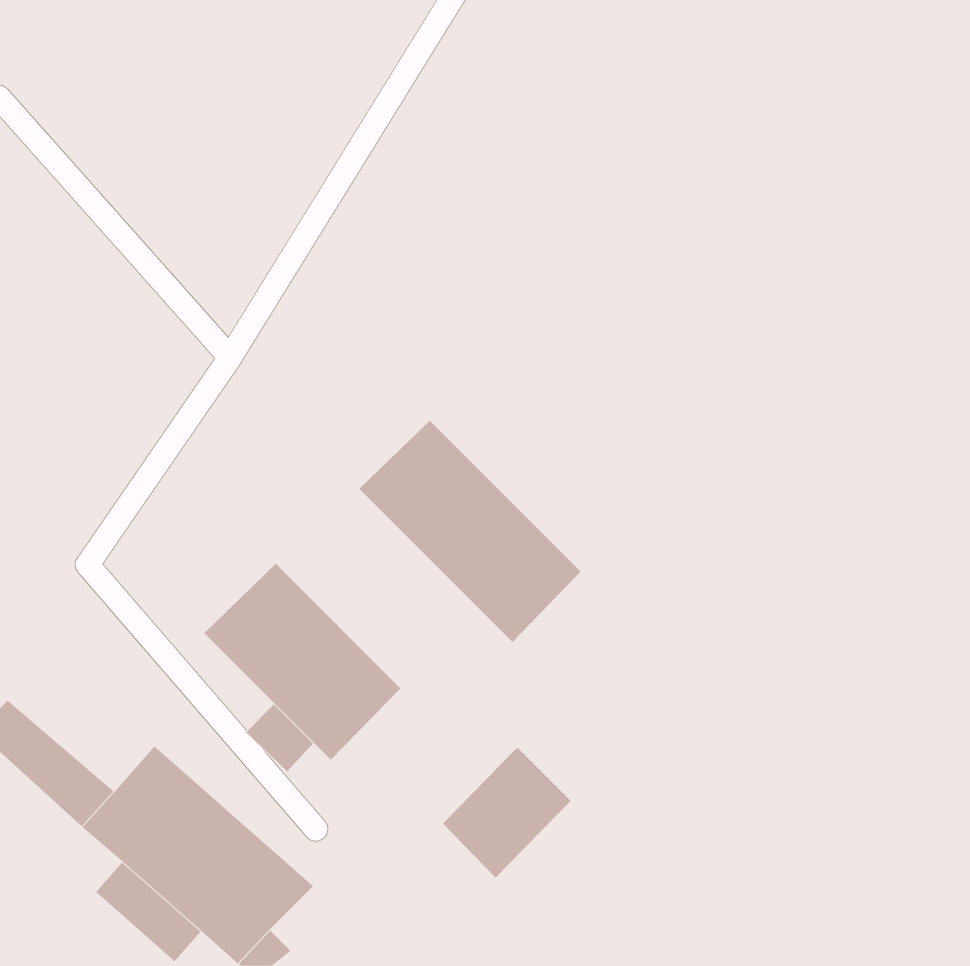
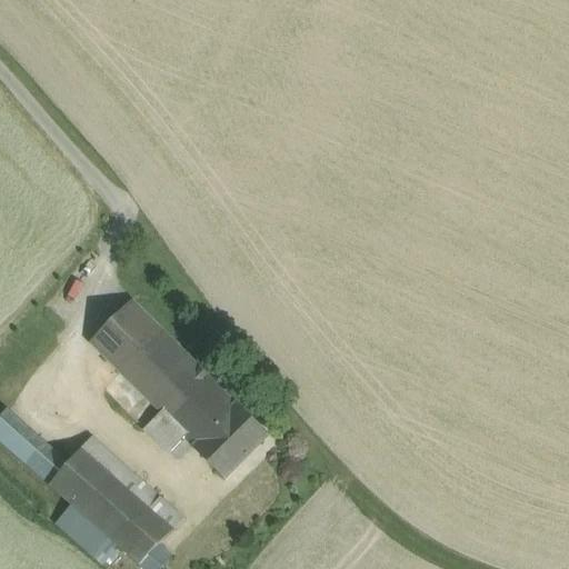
building: [358,420,582,643] -> none
building: none -> [90,299,161,370]
building: [442,747,571,879] -> [192,401,268,478]

